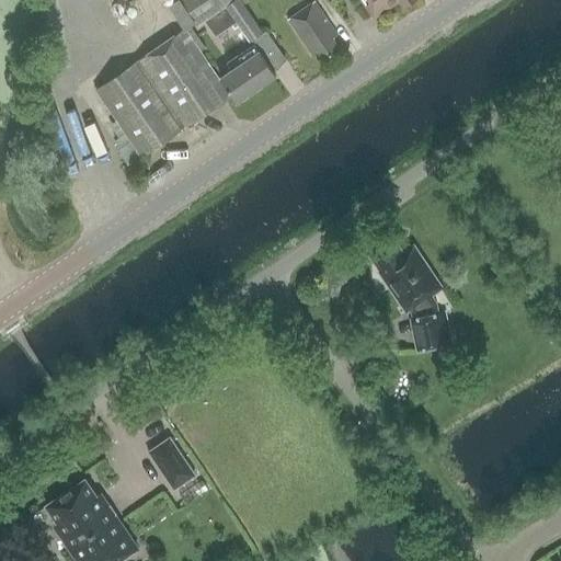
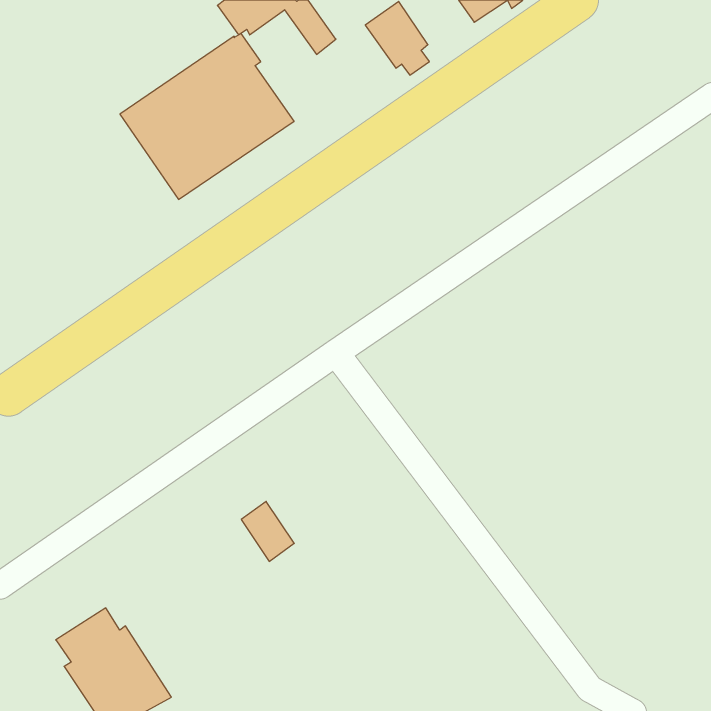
building: [220,47,276,103] -> none
building: [370,240,451,351] -> none
building: [150,439,192,486] -> [241,501,294,561]

